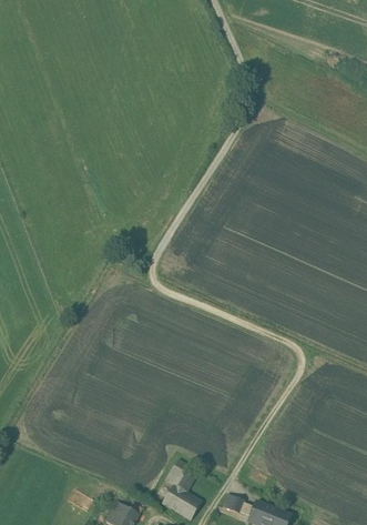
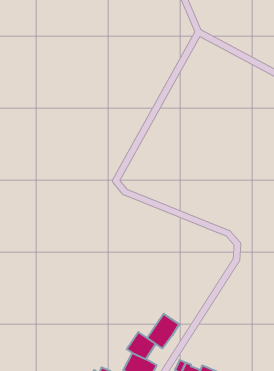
building: none -> [147,314,179,348]

